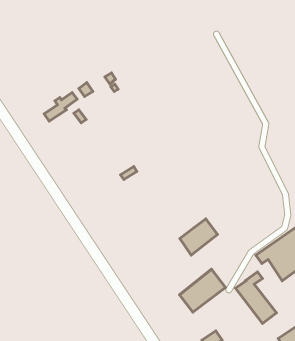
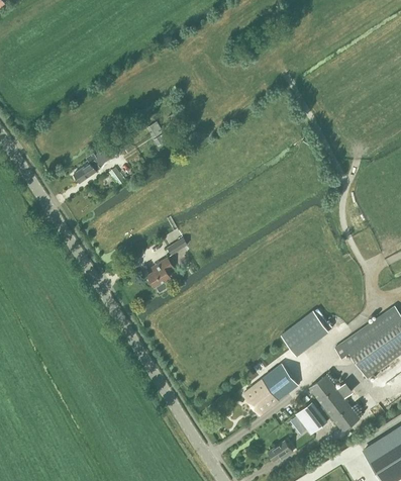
building: none -> [147,257,174,291]
building: [180,219,217,255] -> [282,310,328,355]
building: none -> [297,400,328,434]

